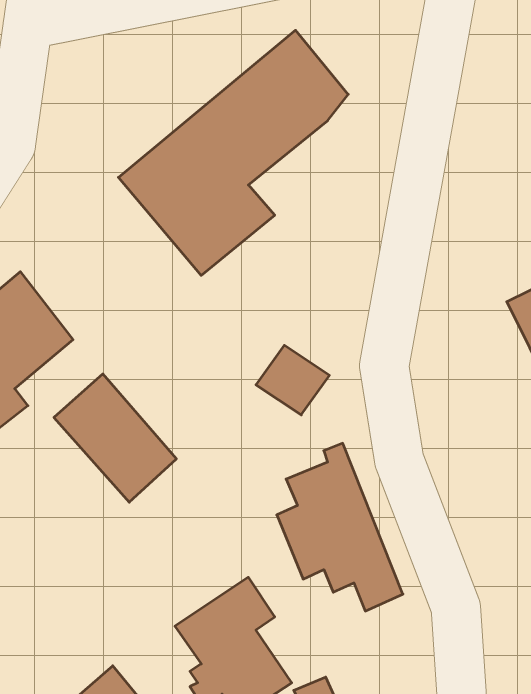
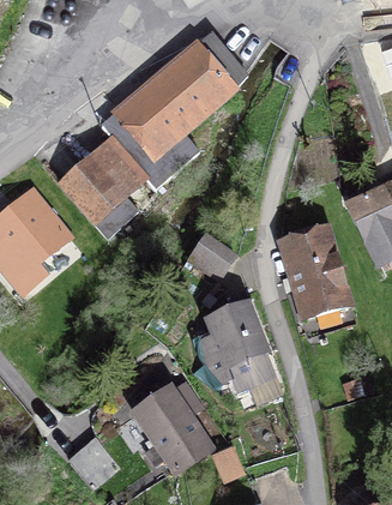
building: none -> [279,226,350,317]
building: [54,374,176,502] -> [59,156,137,238]

